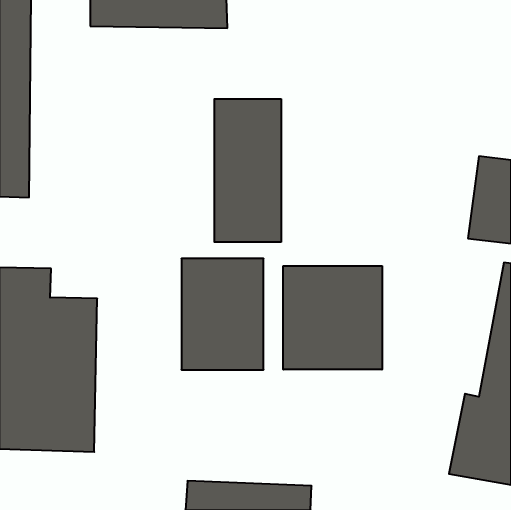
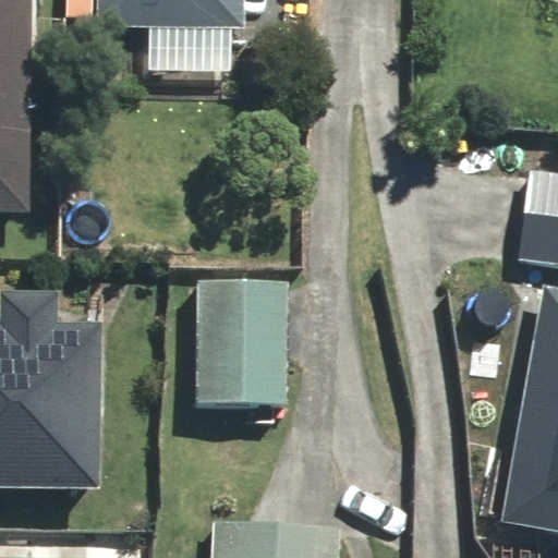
building: [214,99,281,242] -> none
building: [283,266,382,370] -> none

